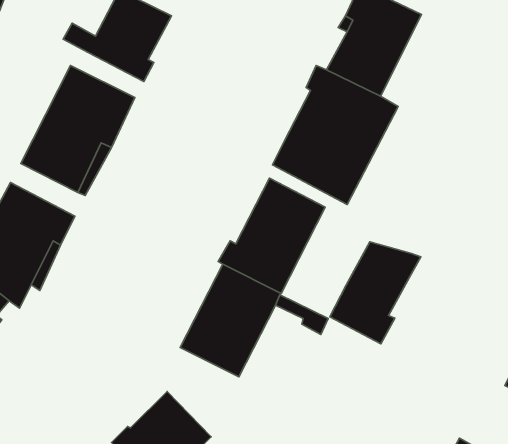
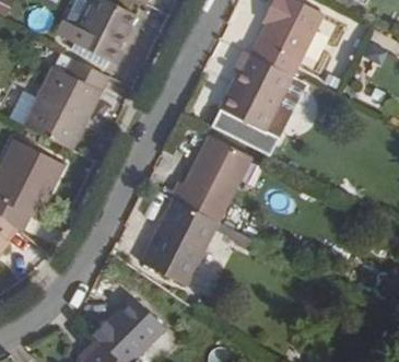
building: [330,242,421,344] -> none

